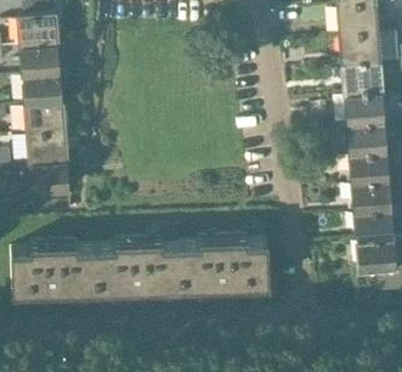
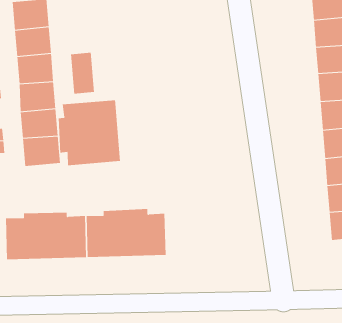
building: none -> [71,52,95,95]
building: none -> [58,99,121,166]
building: [182,236,268,288] -> none

